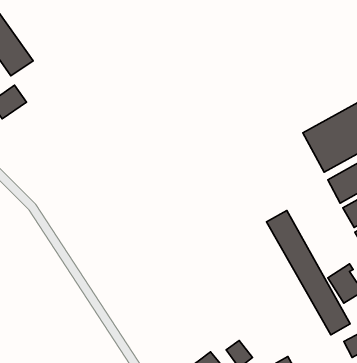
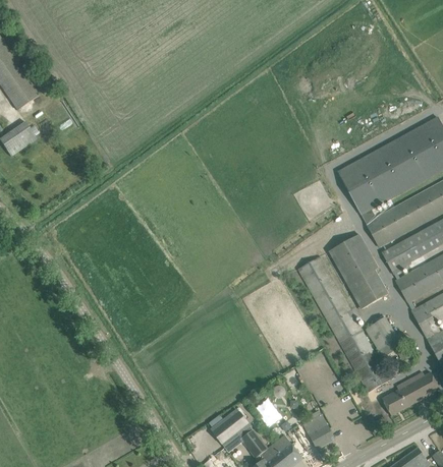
building: none -> [328,234,388,309]

